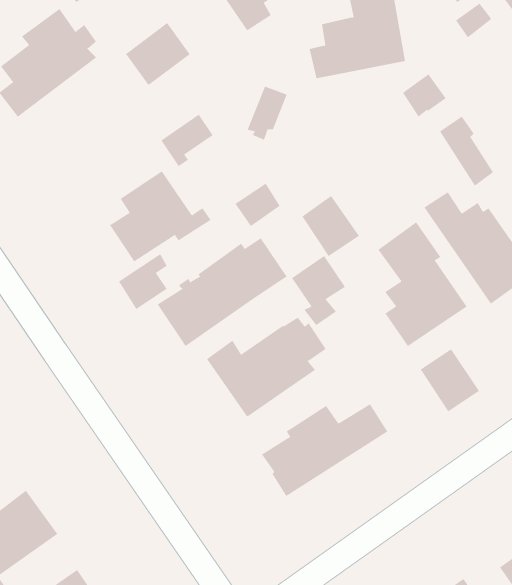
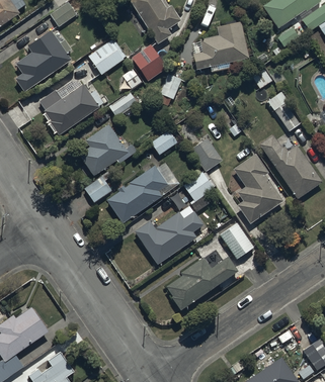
building: none -> [127,44,167,85]
building: none -> [40,81,105,135]
building: [420,348,480,412] -> [220,223,254,260]

